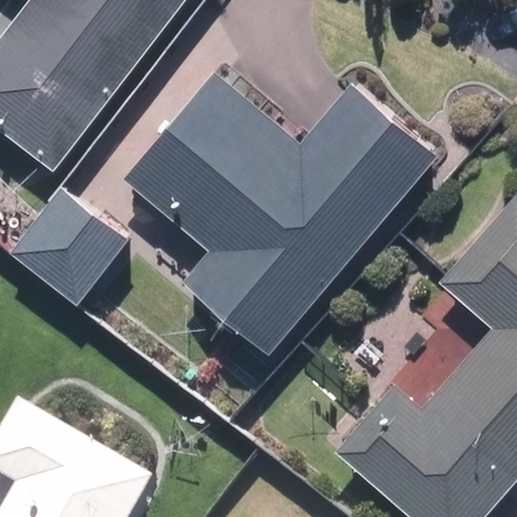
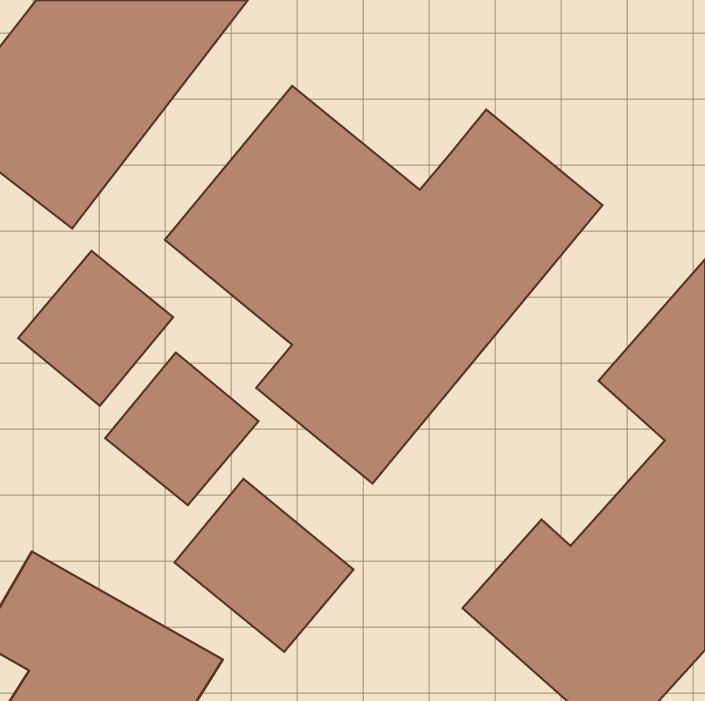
building: none -> [105,353,258,505]
building: none -> [175,479,354,652]

